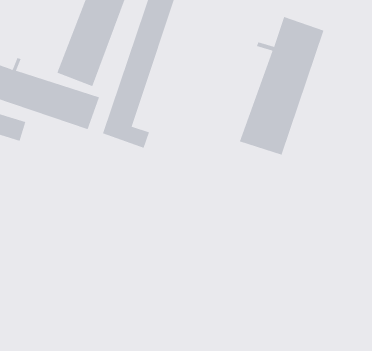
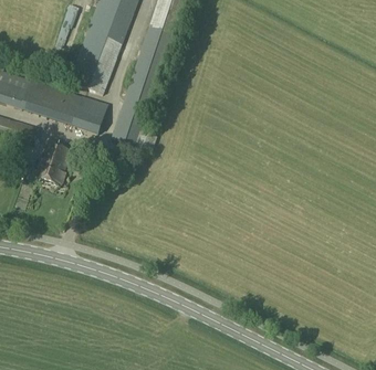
building: [239,16,324,156] -> none
building: none -> [36,141,71,183]

